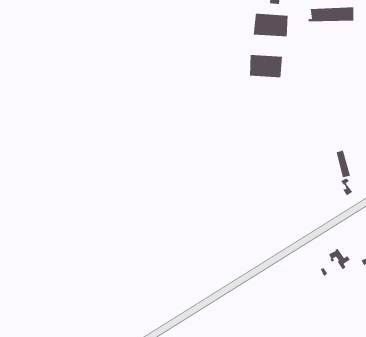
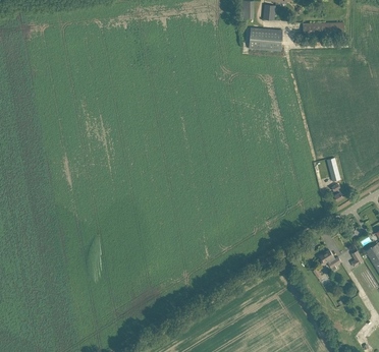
building: [249,54,283,78] -> none

